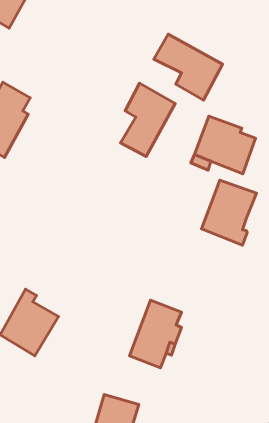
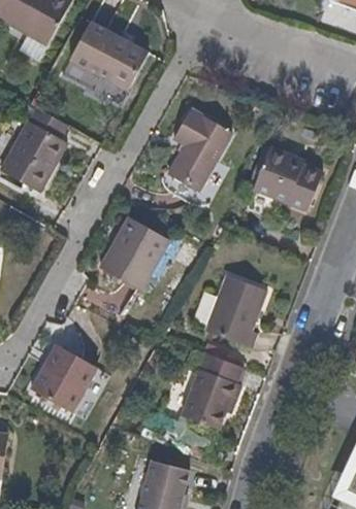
building: none -> [69,22,144,92]
building: [154,34,223,100] -> none
building: [202,180,256,245] -> [202,274,264,347]
building: none -> [99,219,169,292]

